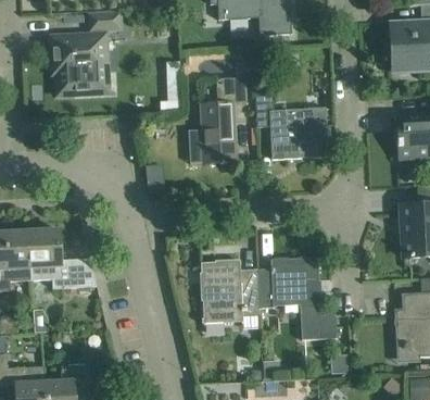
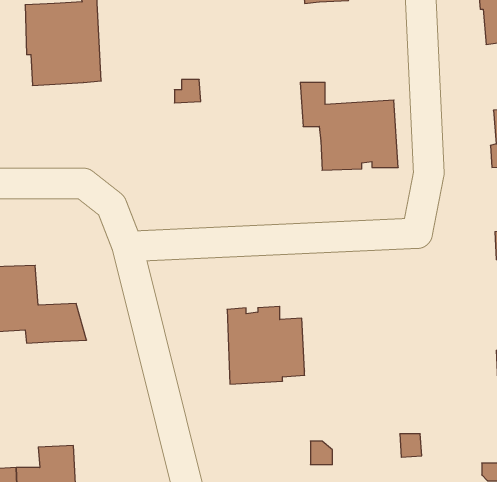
building: [201,77,246,164] -> none
building: [256,257,336,340] -> none

